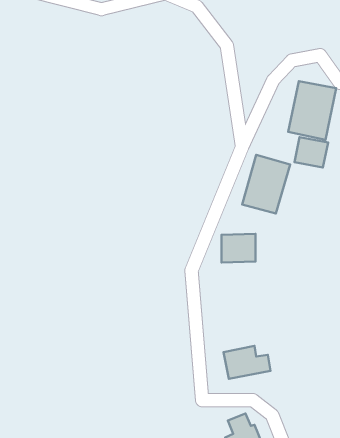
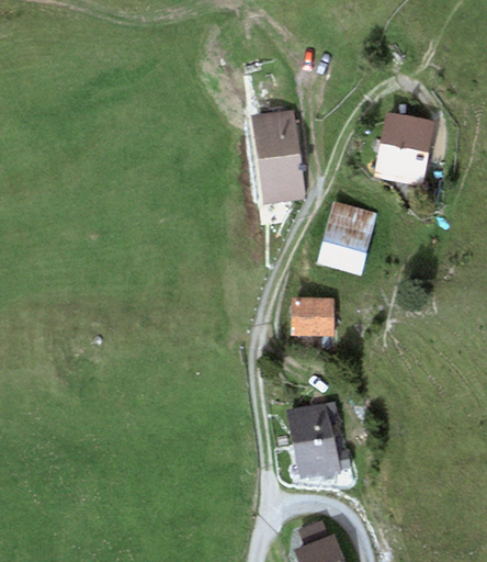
building: none -> [251,113,304,203]
building: [294,137,328,167] -> none
building: none -> [287,402,337,447]

